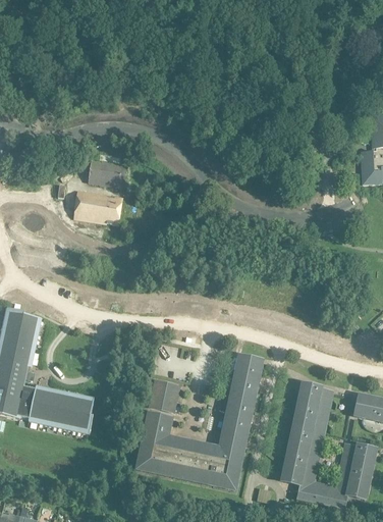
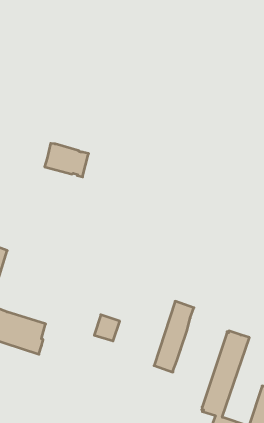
building: [88,159,128,197] -> none
building: [138,415,243,489] -> none

